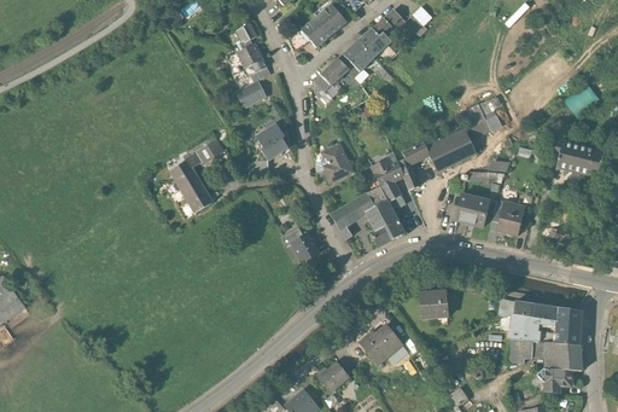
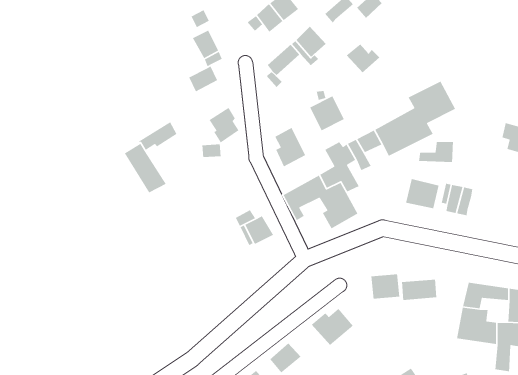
building: [357,28,392,58] -> [346,43,380,73]
building: none -> [309,95,345,131]
building: none -> [401,279,437,301]

